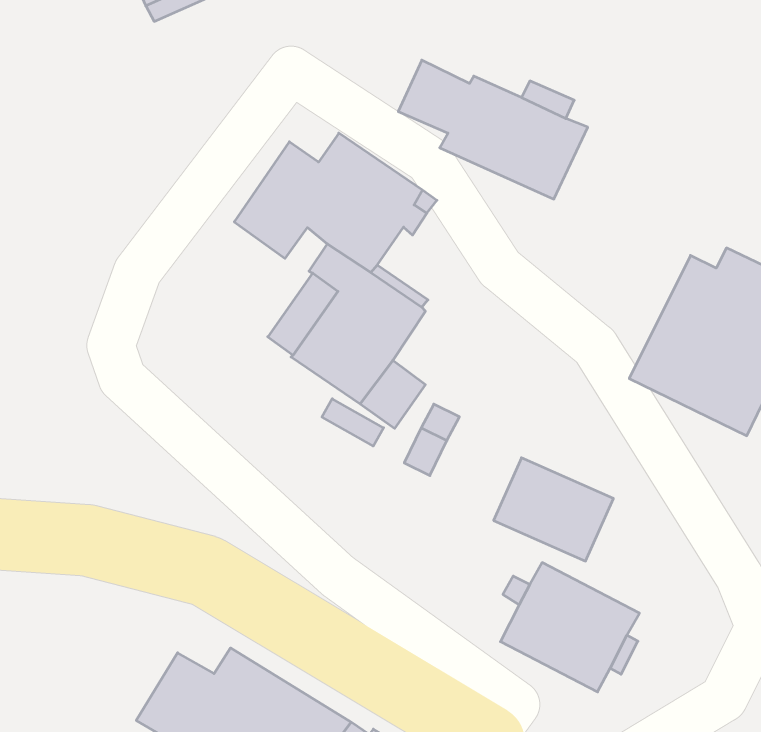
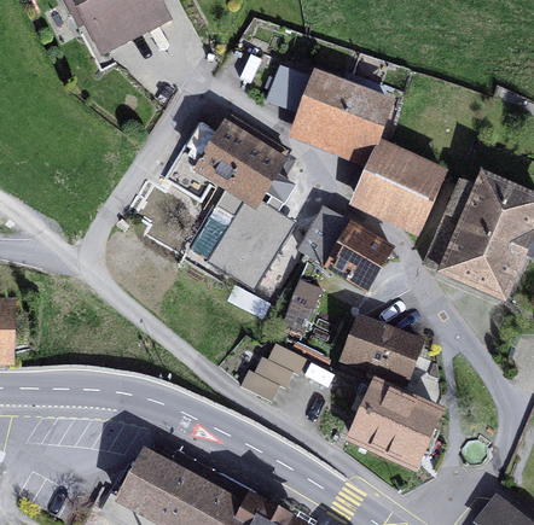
building: none -> [358,146,445,231]
building: none -> [300,208,391,288]
building: none -> [239,342,306,399]

